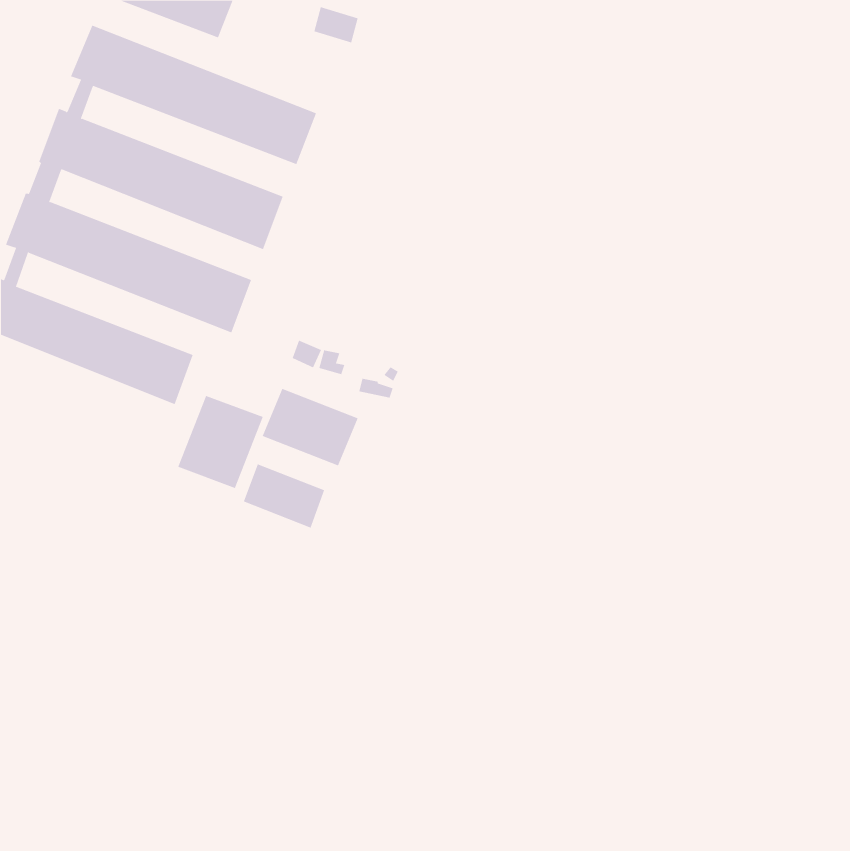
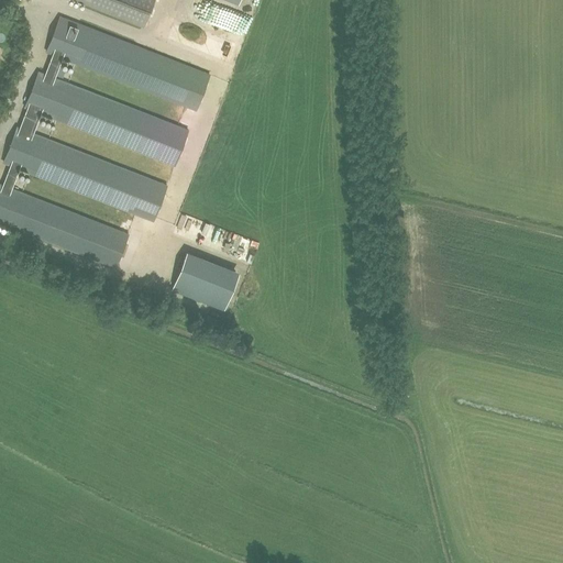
building: [178,395,264,489] -> none
building: [243,463,325,528] -> none

